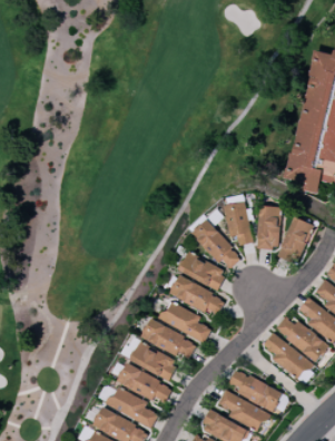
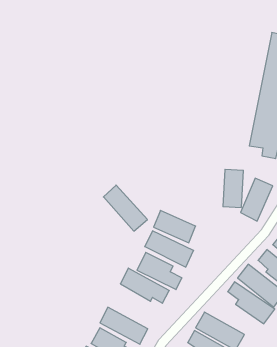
building: [223,202,253,245] -> none
building: [191,219,242,272] -> [103,185,147,231]
building: [130,344,177,380] -> none

